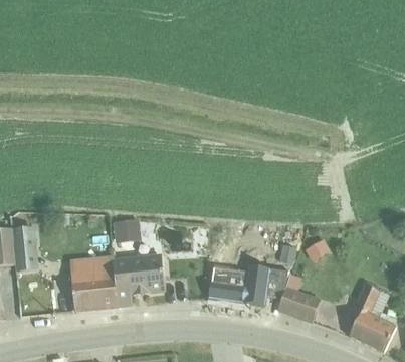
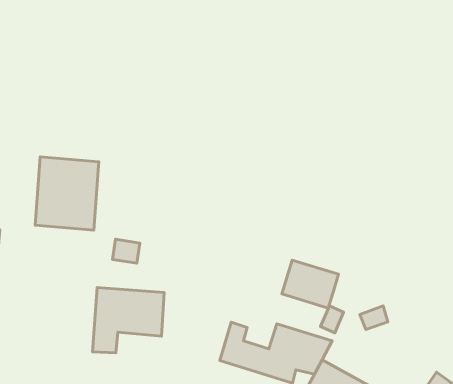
building: none -> [282,260,339,308]
building: [68,255,116,309] -> [35,157,99,230]

